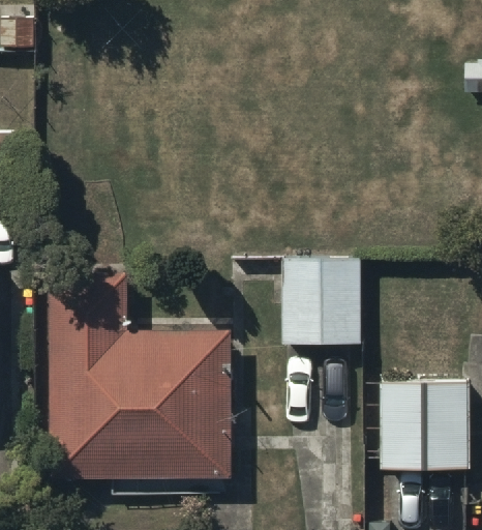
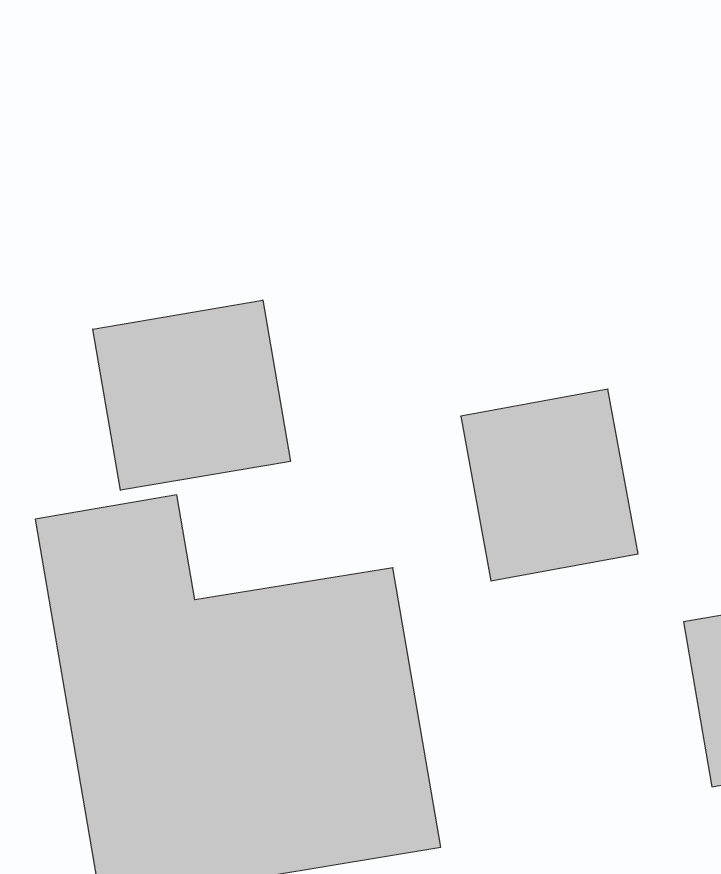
building: none -> [93,300,290,490]

